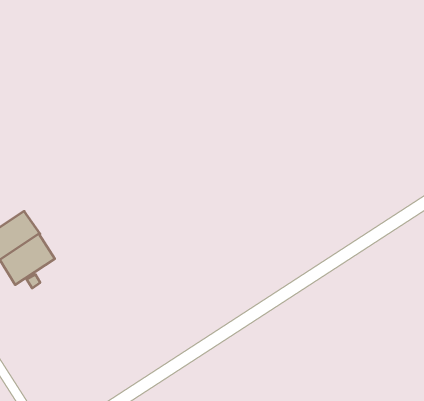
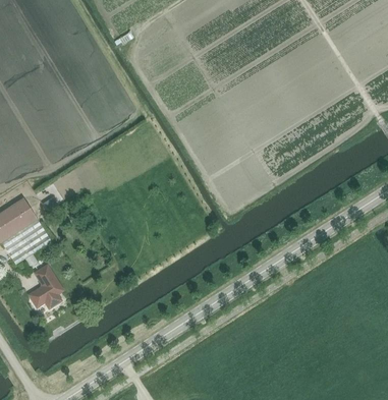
building: none -> [31,265,64,307]

